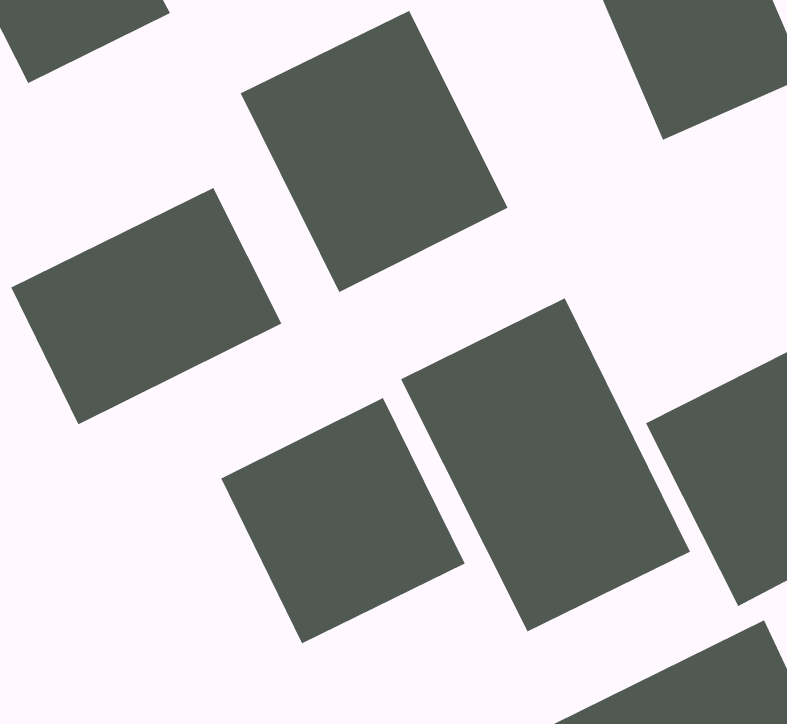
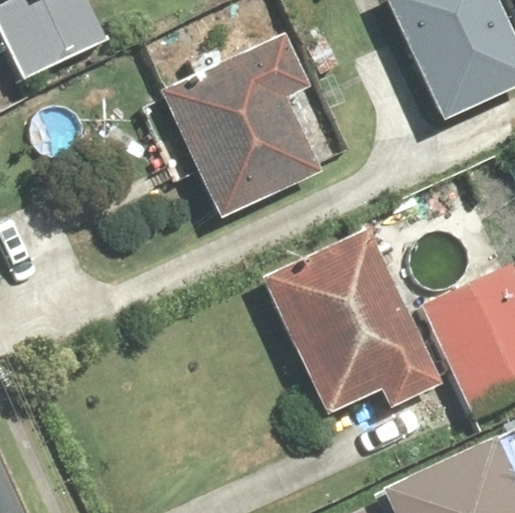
building: [10,187,282,425] -> none
building: [221,397,466,644] -> none

